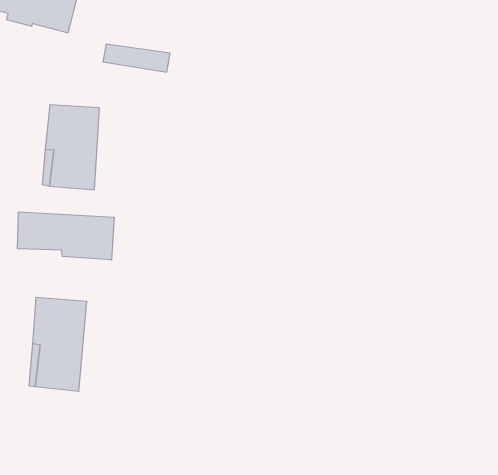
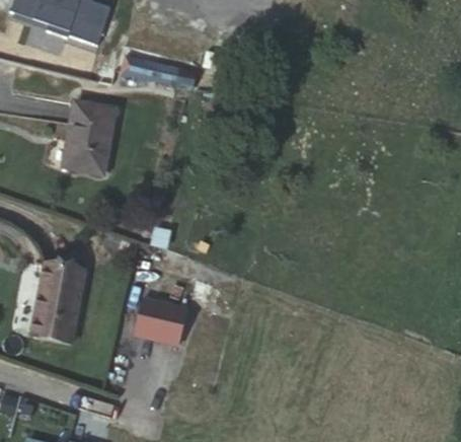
building: [18,212,114,260] -> none
building: none -> [129,299,182,344]

